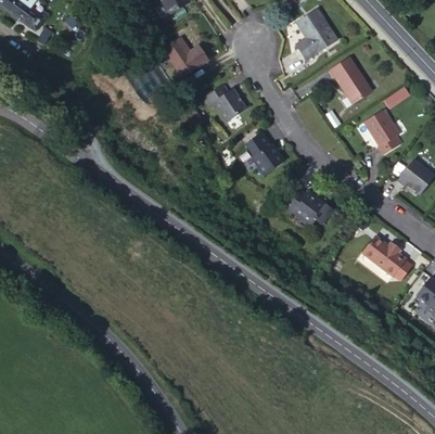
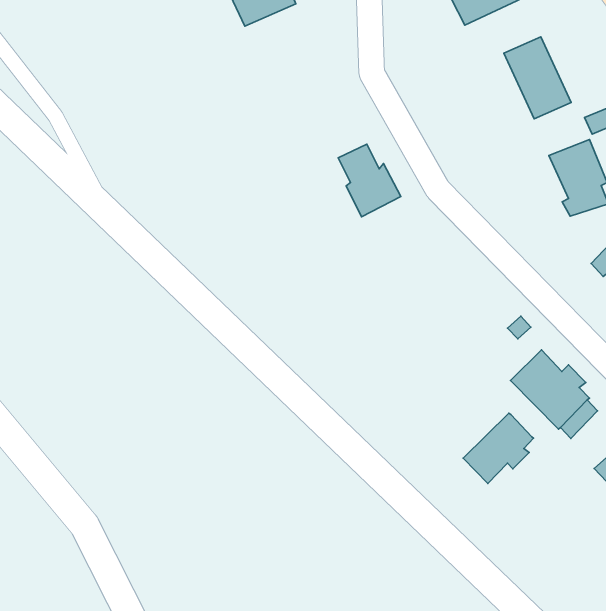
building: [204,81,245,119] -> none
building: [276,184,329,224] -> none
building: none -> [463,413,534,483]

